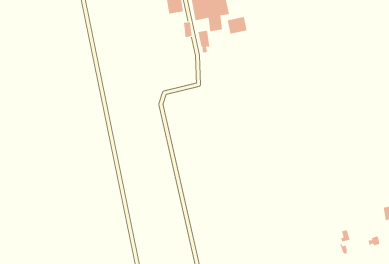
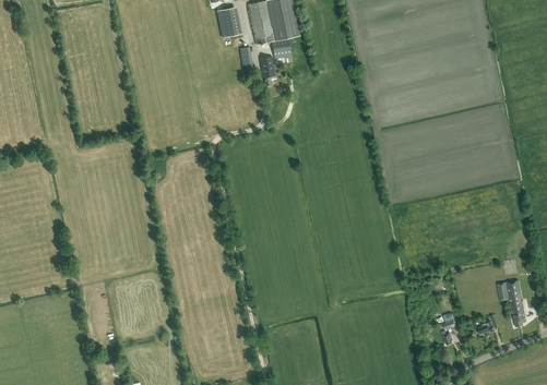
building: [227,16,247,34] -> none

